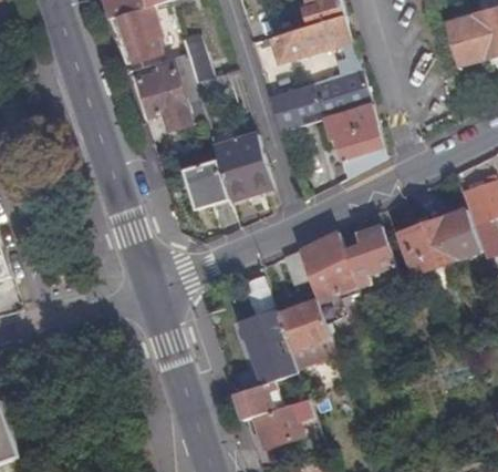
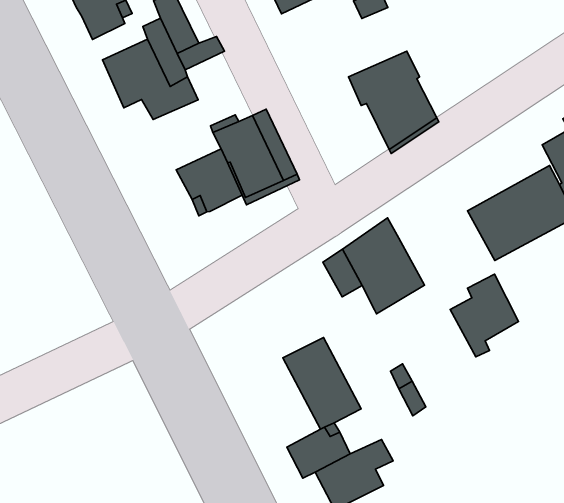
building: [267,69,370,131] -> none
building: [343,224,394,285] -> [450,274,519,357]
building: [277,298,330,351] -> none

